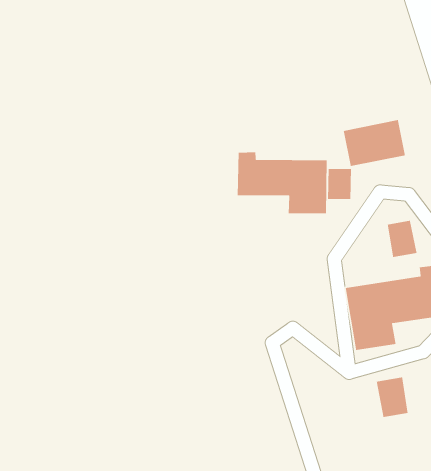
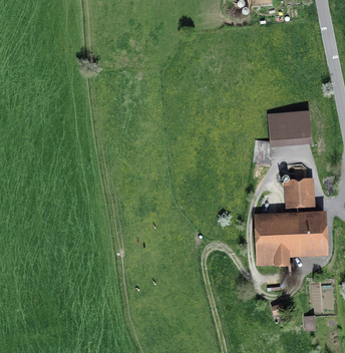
building: [237,152,327,214] -> none
building: [376,376,408,418] -> none

